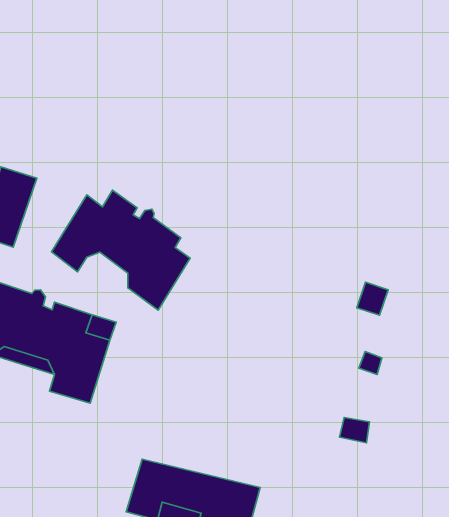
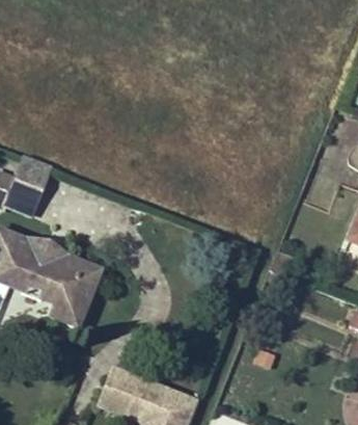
building: [51,190,190,310] -> none

